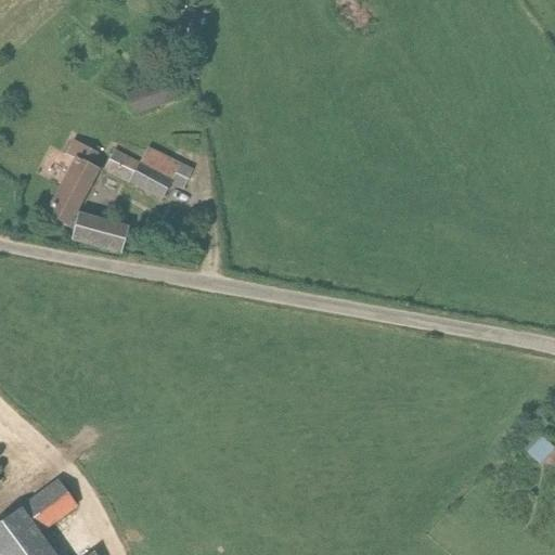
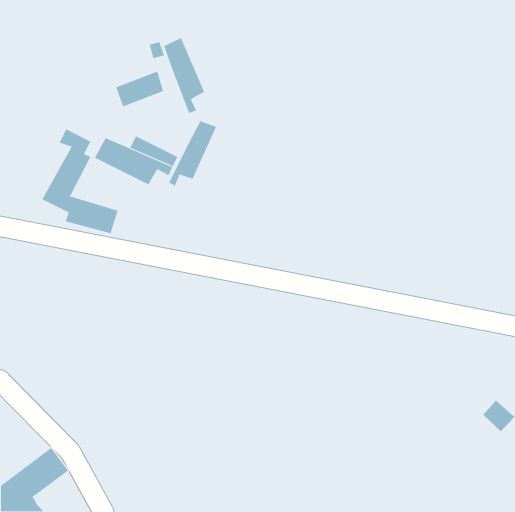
building: none -> [163,37,205,114]
building: none -> [168,120,217,186]

